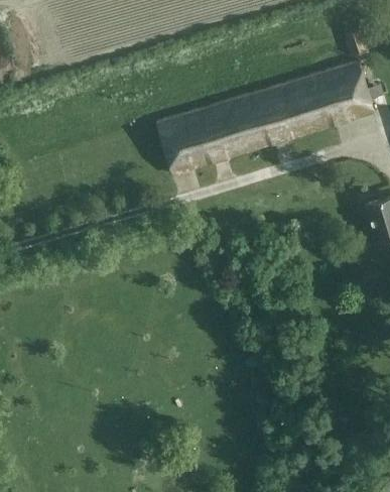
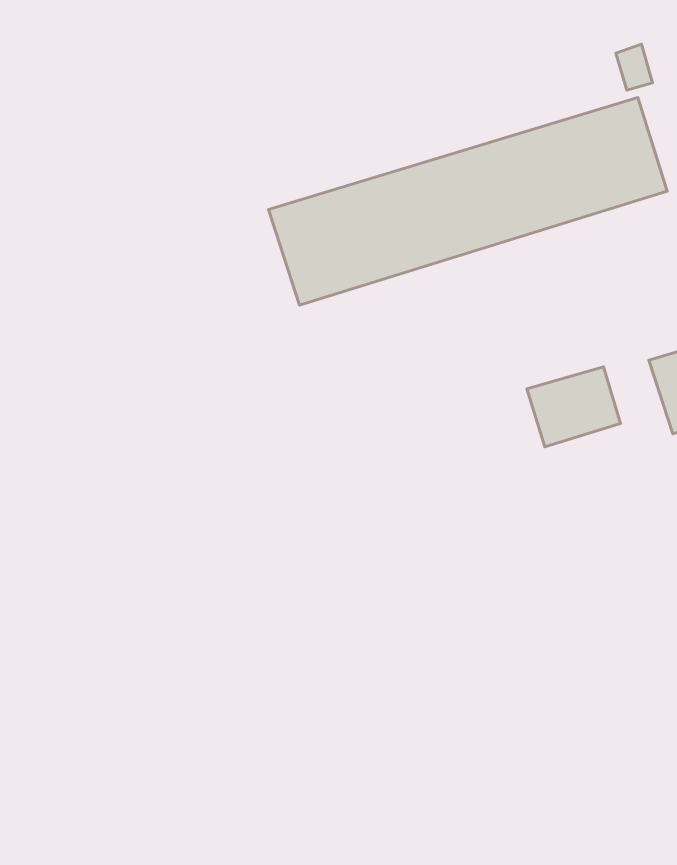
building: none -> [527,367,621,447]

